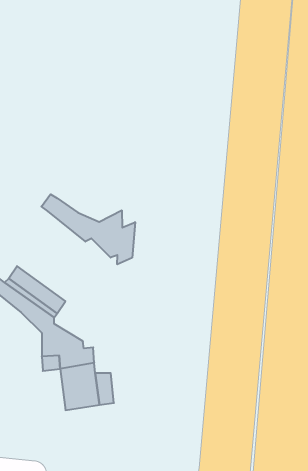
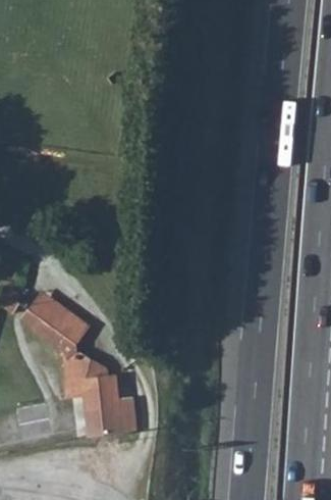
building: [41,194,135,264] -> none

